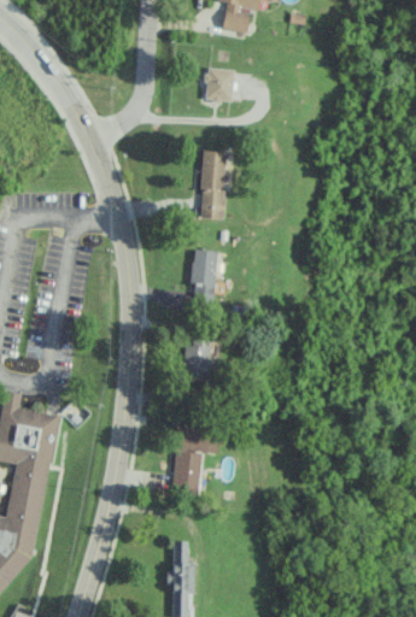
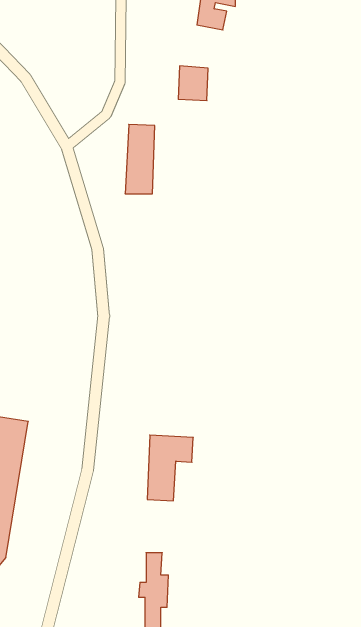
building: [199,151,228,218] -> [125,124,155,194]
building: [189,248,218,298] -> none
building: [182,342,211,383] -> none

